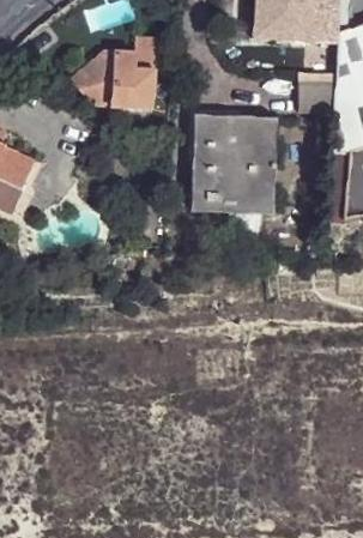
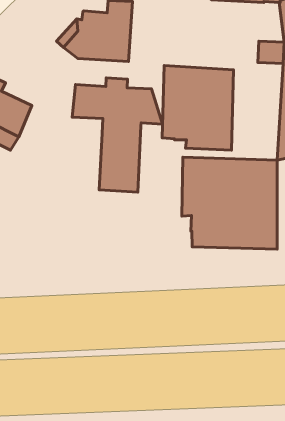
building: none -> [72,78,163,192]
building: none -> [182,157,277,249]

